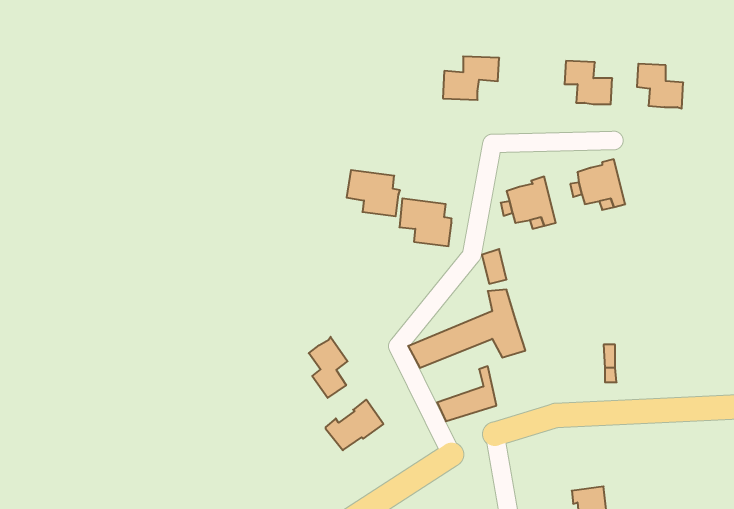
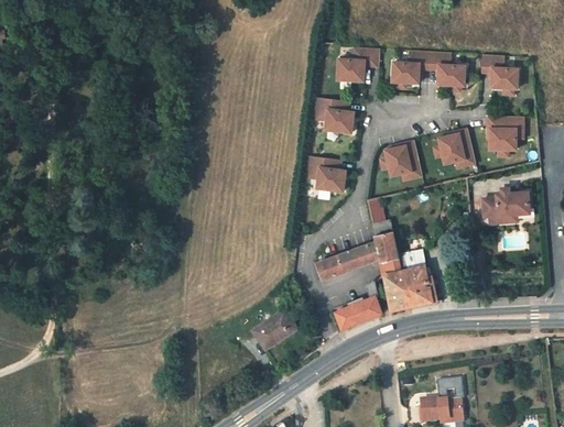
building: none -> [393,51,431,84]
building: none -> [490,113,525,146]
building: [347,170,400,216] -> [312,98,352,133]
building: none -> [482,187,527,221]
building: none -> [382,243,436,309]
building: [309,337,348,398] -> none

